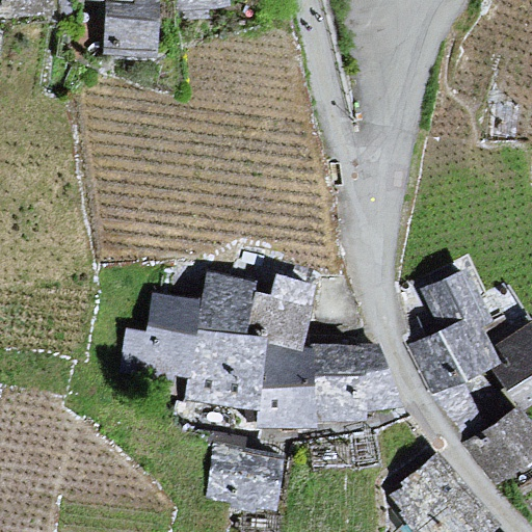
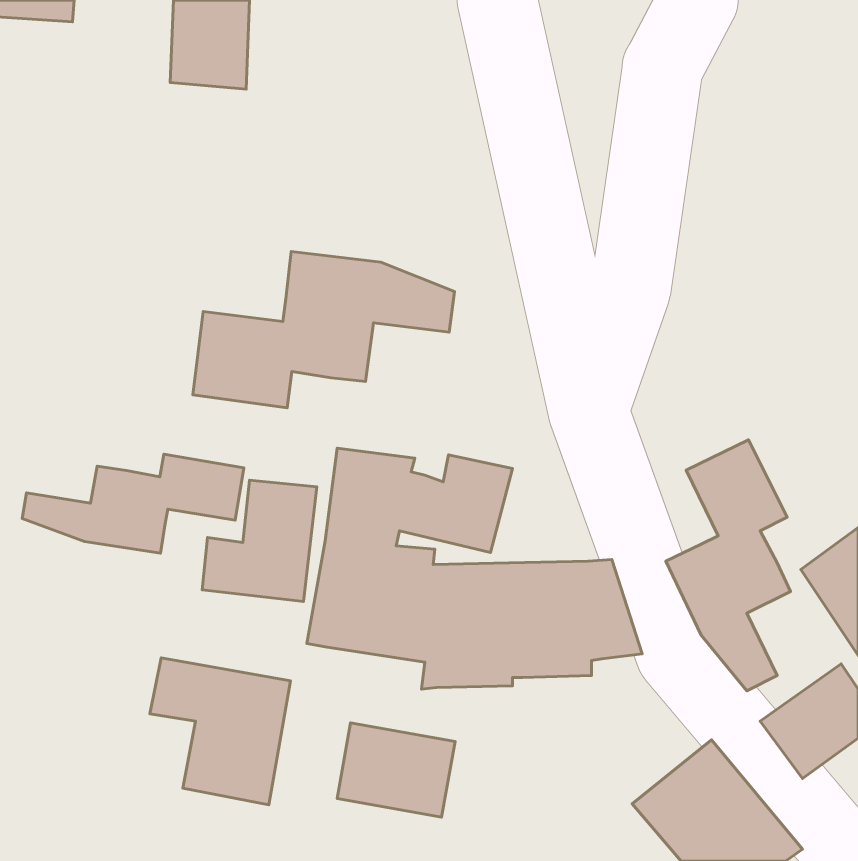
building: none -> [193,252,454,408]
building: none -> [22,454,244,553]
building: none -> [150,658,291,805]

